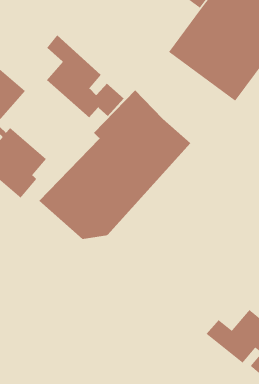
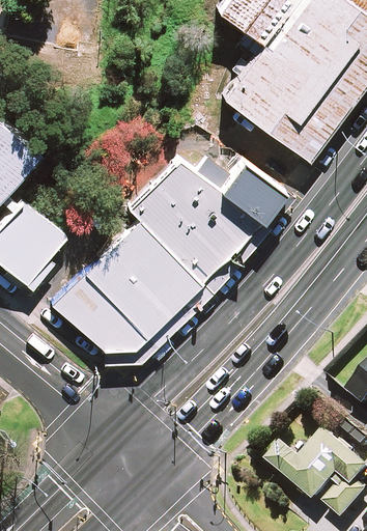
building: [46,35,125,118] -> none
building: none -> [217,155,280,218]

